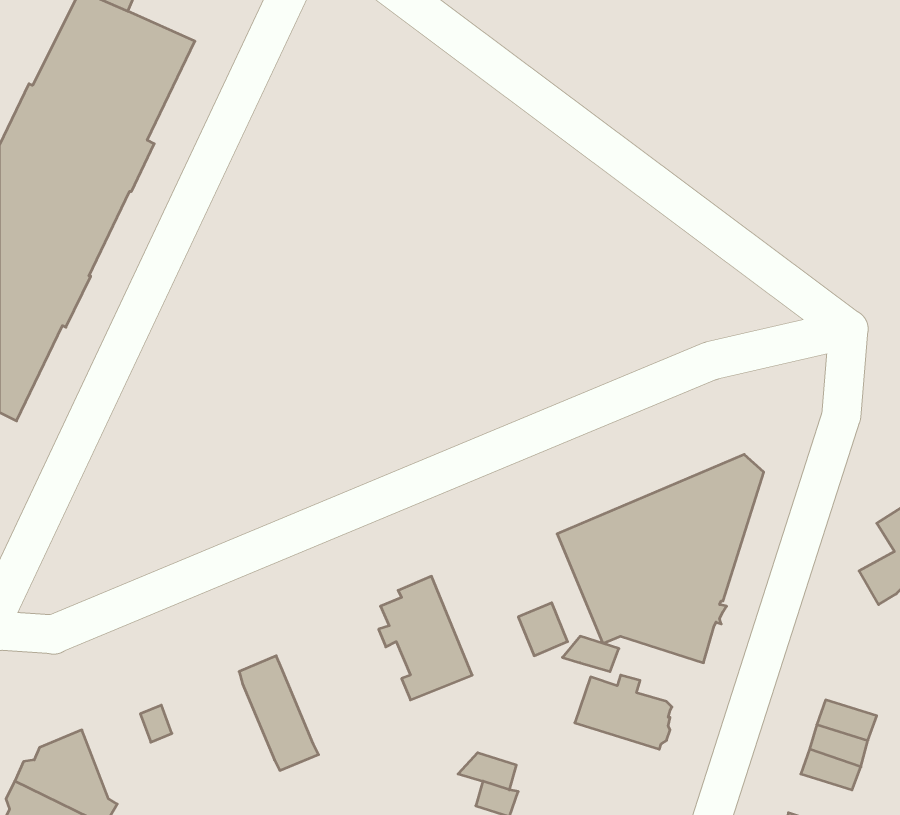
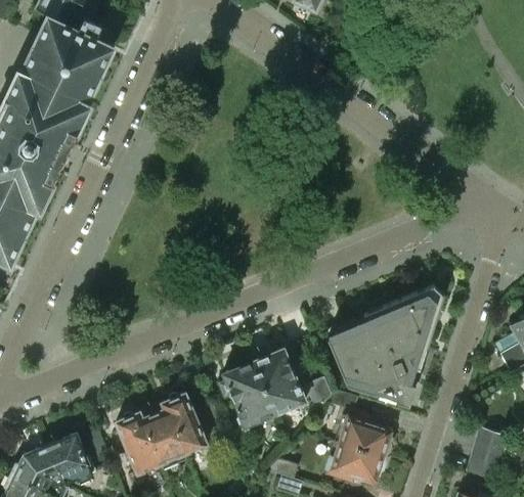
building: none -> [251,349,305,414]
building: none -> [161,393,206,454]
building: none -> [115,412,160,472]
building: none -> [48,435,96,486]
building: none -> [325,442,384,484]

